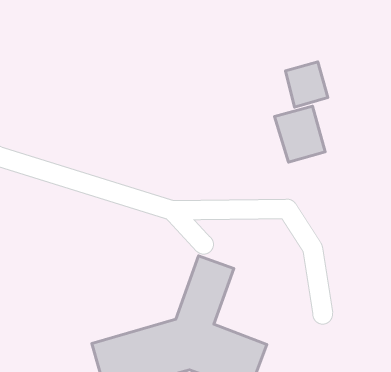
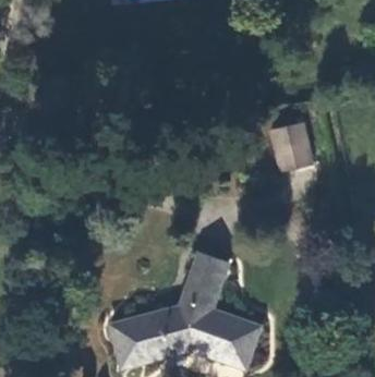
building: [285,62,328,107] -> none

